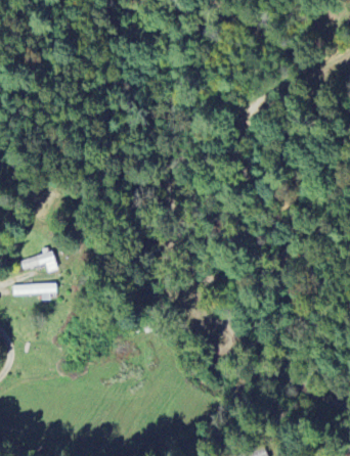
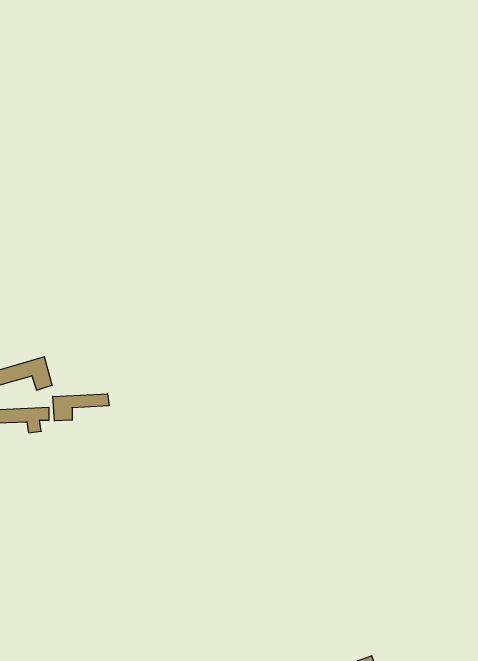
building: none -> [53,394,109,421]

